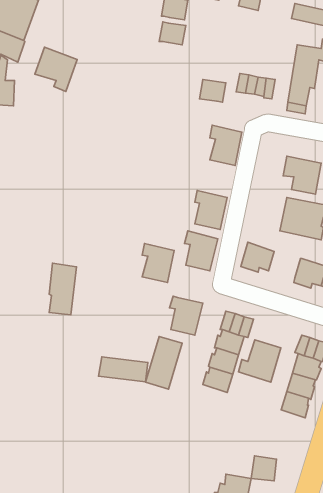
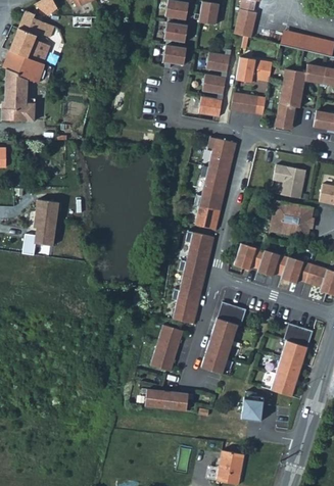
building: none -> [205,52,230,71]
building: none -> [236,55,273,80]
building: [35,47,77,92] -> none
building: none -> [201,75,226,95]
building: none -> [200,167,230,202]
building: [142,244,174,283] -> [179,261,207,296]
building: none -> [258,249,288,276]
building: [49,263,77,315] -> [34,201,58,247]
building: [239,340,281,382] -> none
building: [98,357,148,382] -> [144,390,188,412]
building: [251,456,276,481] -> [241,399,264,422]

